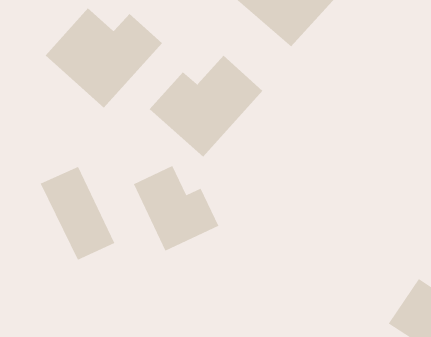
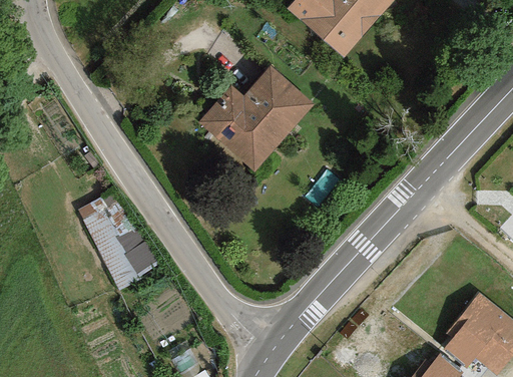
building: [45,7,163,108] -> none
building: [133,165,219,251] -> none

